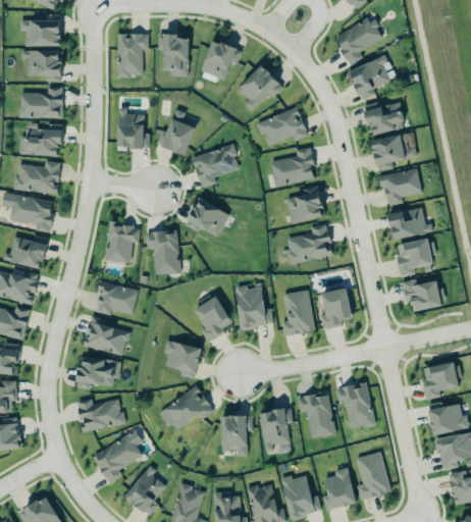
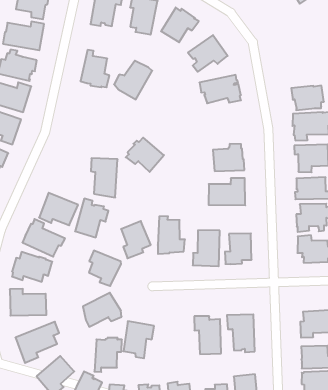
building: [334,16,381,64] -> none
building: [349,56,391,101] -> none
building: [191,143,239,186] -> none
building: [270,147,314,186] -> none
building: [104,219,139,262] -> [75,199,108,237]
building: [260,407,292,451] -> [94,338,122,372]

